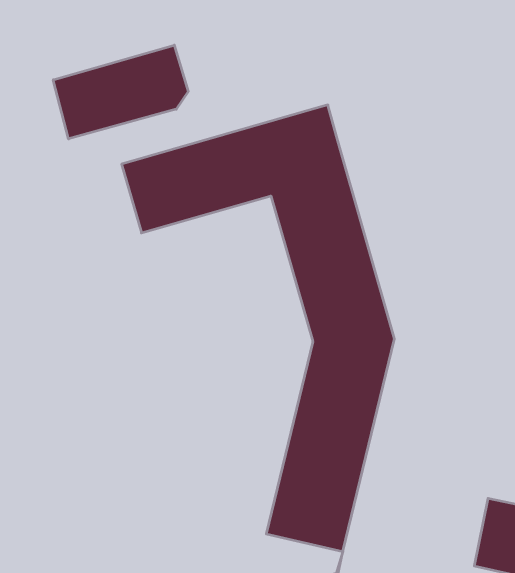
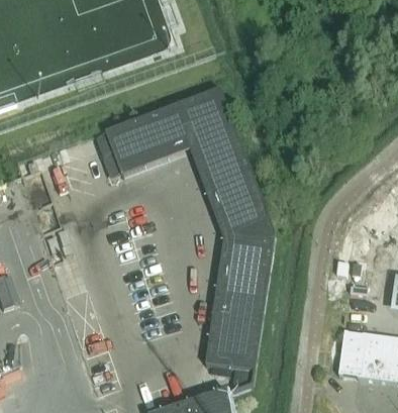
building: [53,45,188,139] -> none

